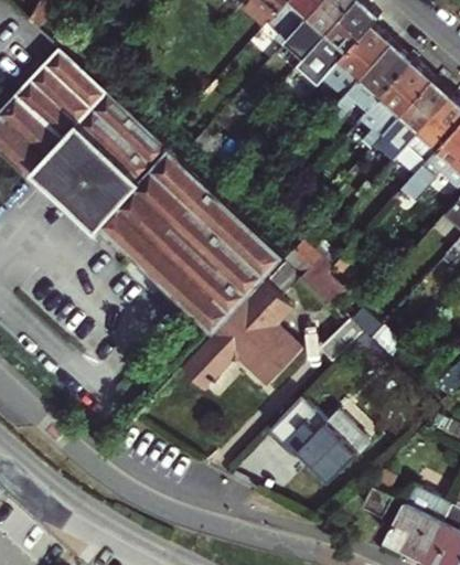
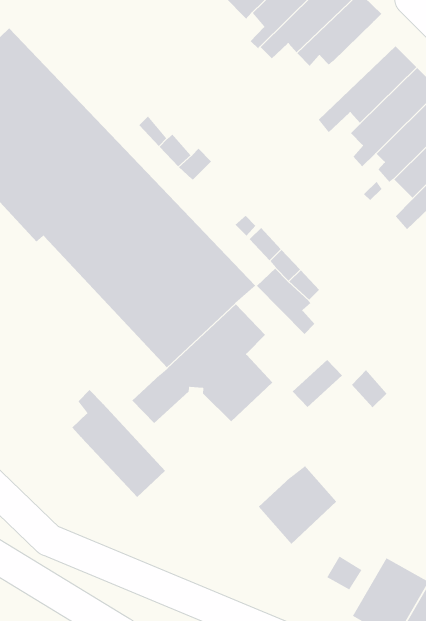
building: [313,26,392,119] -> none
building: none -> [71,389,166,498]
building: [268,399,324,456] -> none

